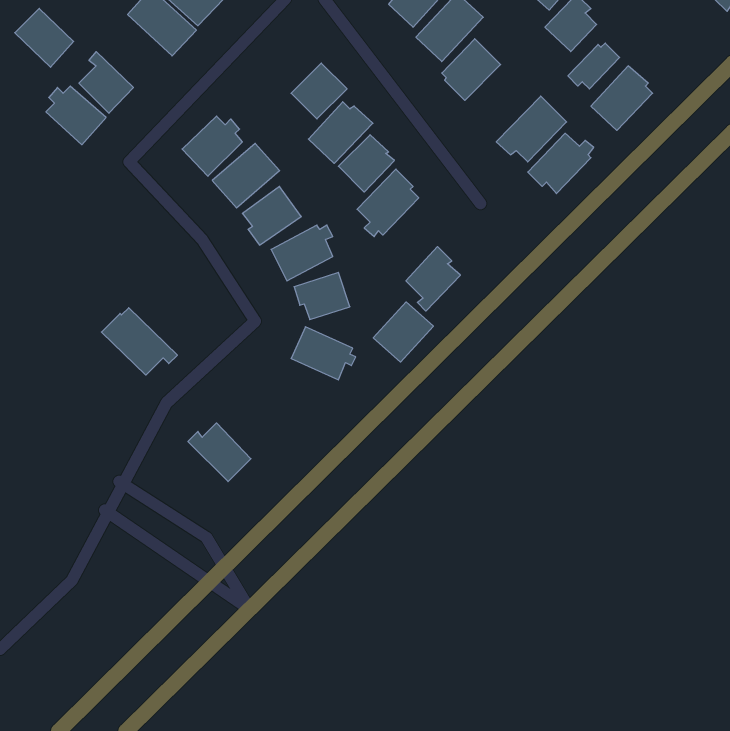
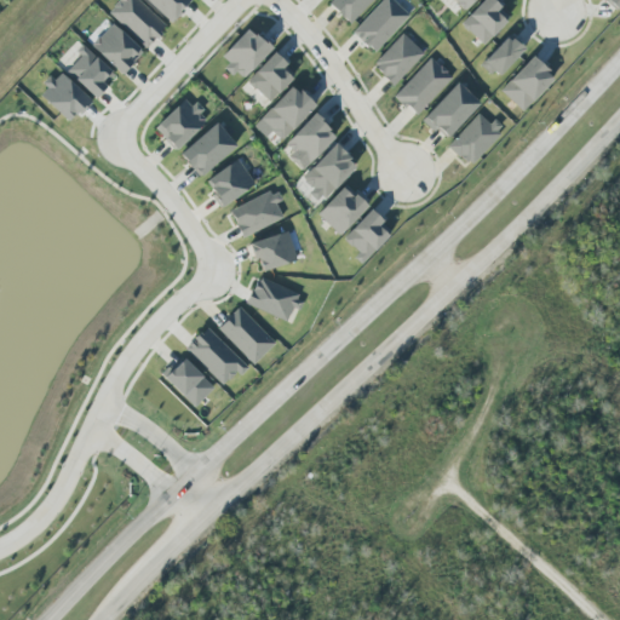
building: [15,8,74,67] -> [93,23,143,73]
building: none -> [223,28,272,76]
building: none -> [394,57,453,114]
building: [373,302,433,362] -> [318,184,369,235]
building: [101,308,177,375] -> [185,327,249,384]
building: none -> [218,305,276,364]

